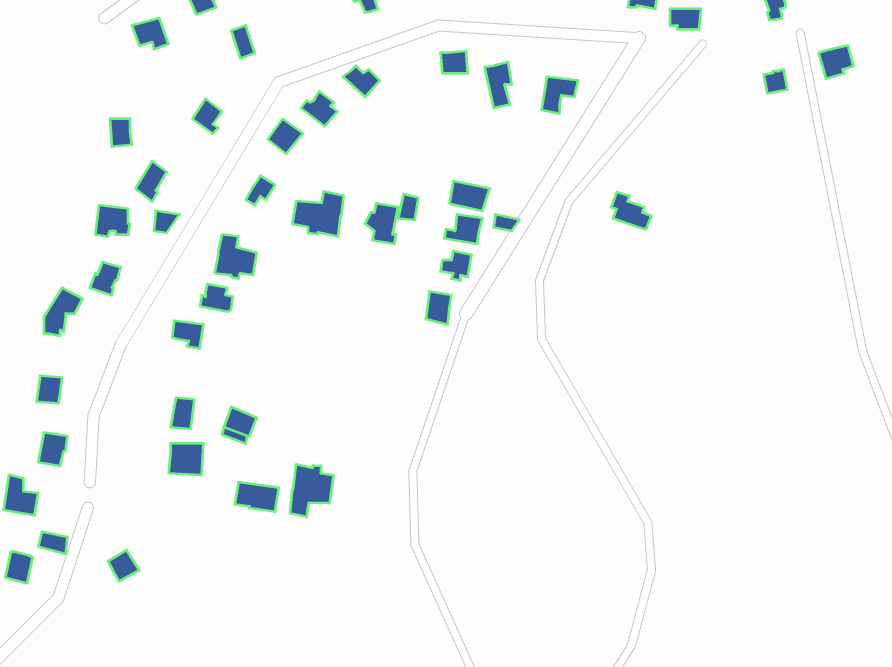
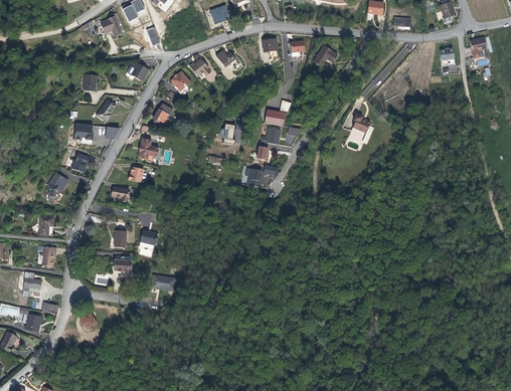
building: [293,191,343,237] -> none
building: [290,464,334,517] -> none

